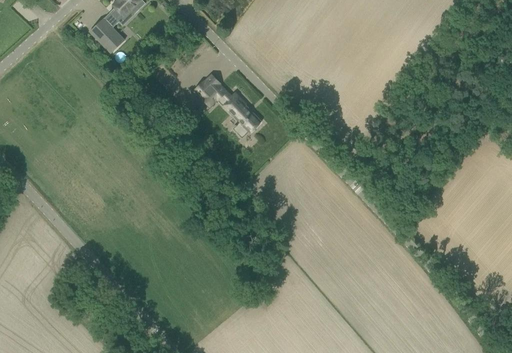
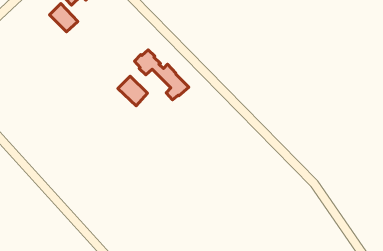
building: none -> [118,76,148,106]

